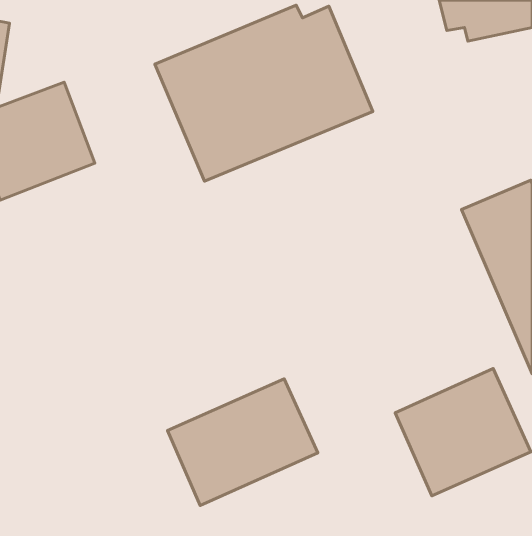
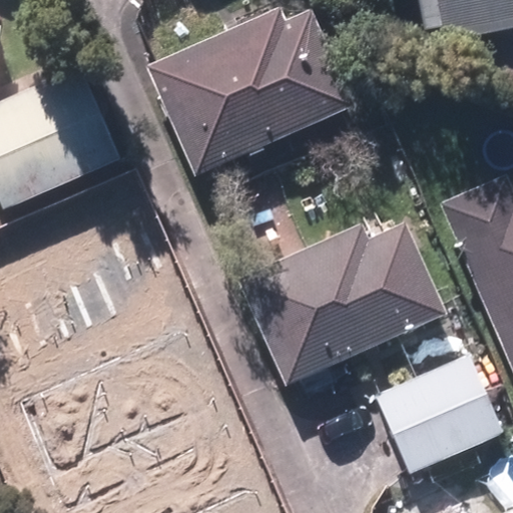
building: none -> [240,220,450,387]
building: [168,379,318,505] -> none

